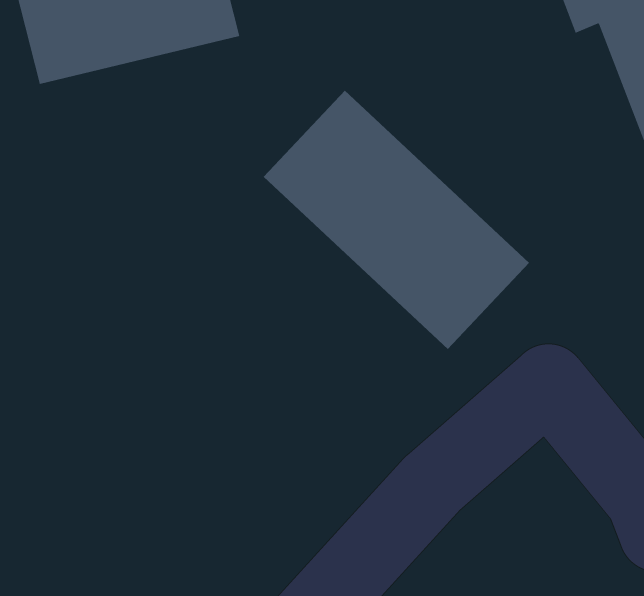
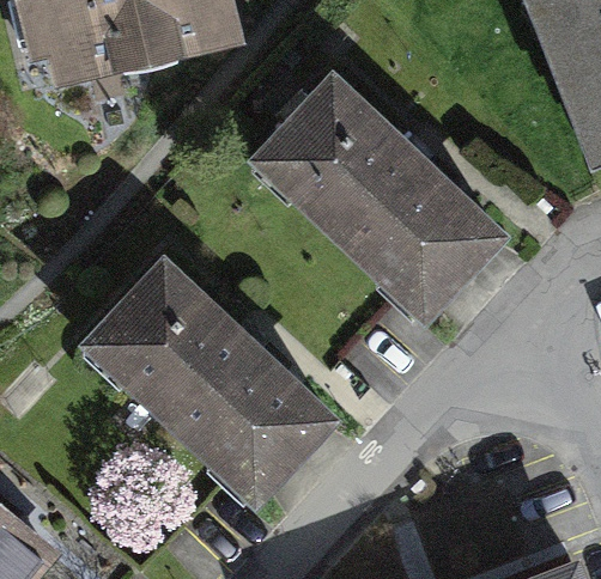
building: none -> [91,266,327,496]

